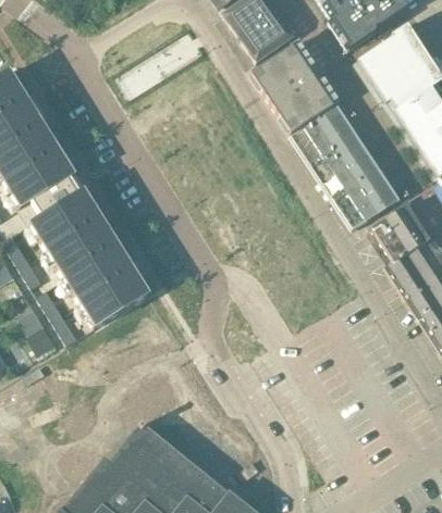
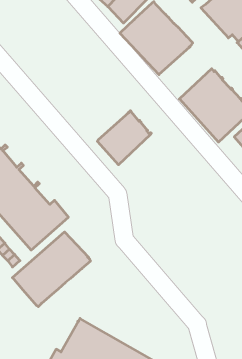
building: [290,102,359,167] -> [97,111,151,165]
building: none -> [12,232,90,307]

